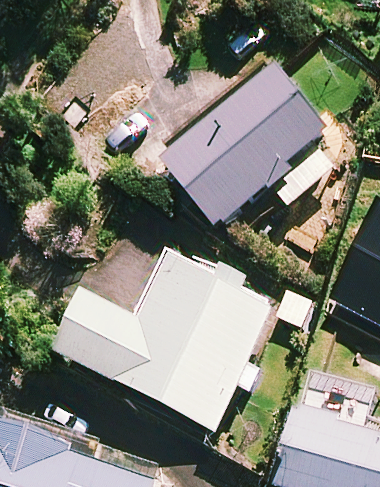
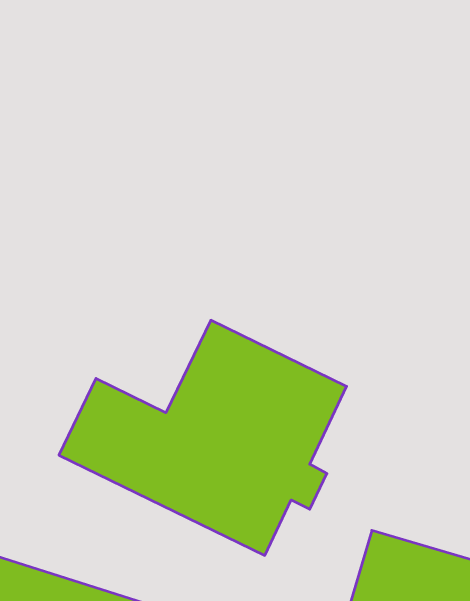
building: [162,67,328,224] -> none

